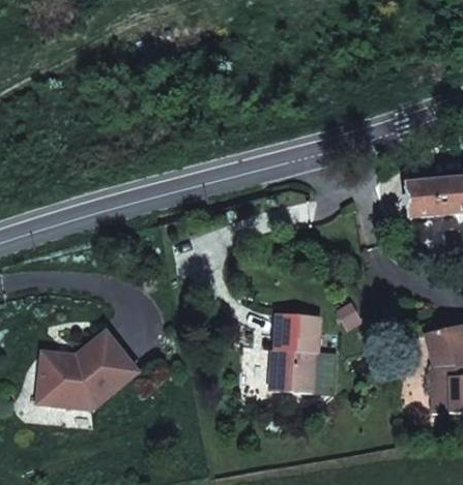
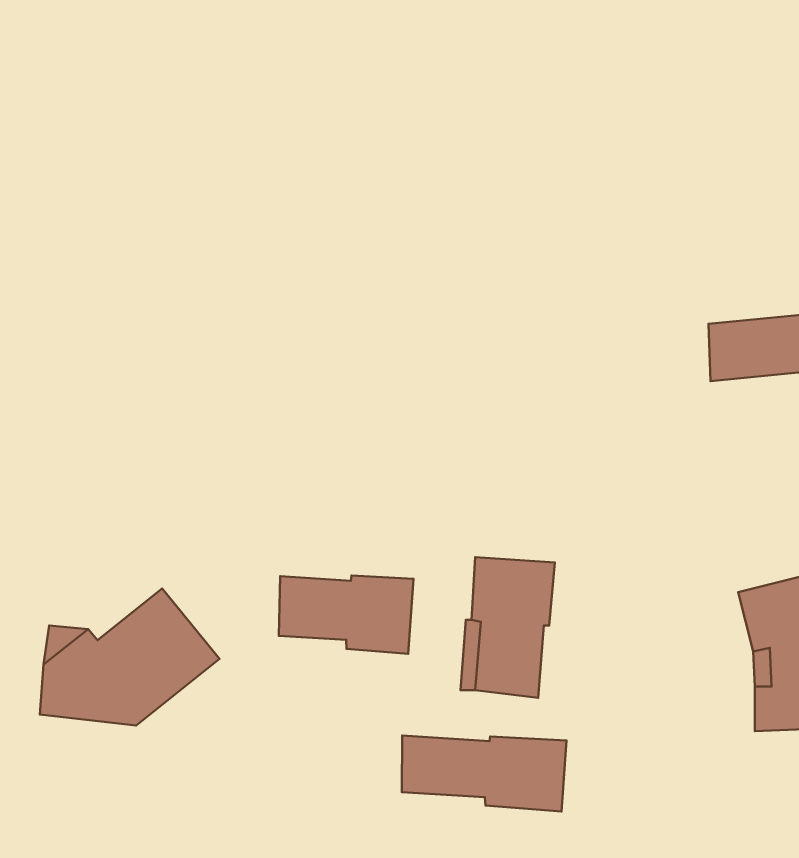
building: none -> [279,575,413,654]
building: none -> [402,736,567,811]

